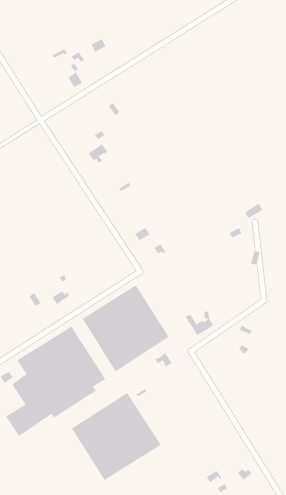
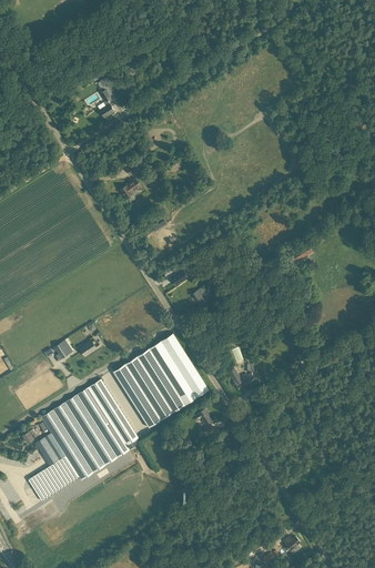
building: [71,392,162,481] -> none

